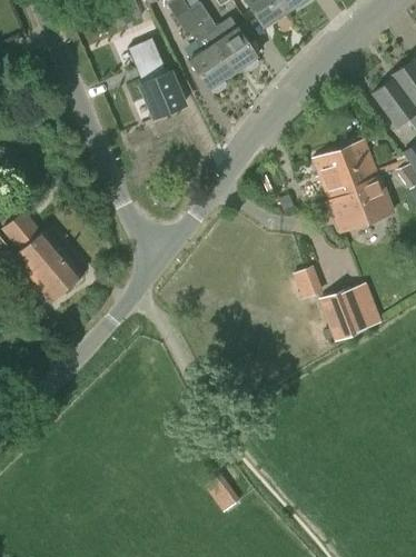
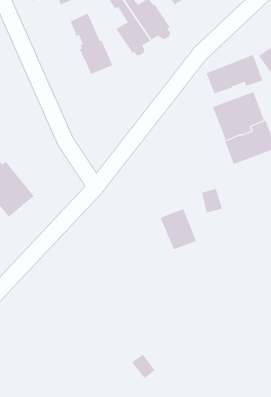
building: none -> [206,54,263,94]
building: [319,288,367,341] -> [160,208,197,250]

